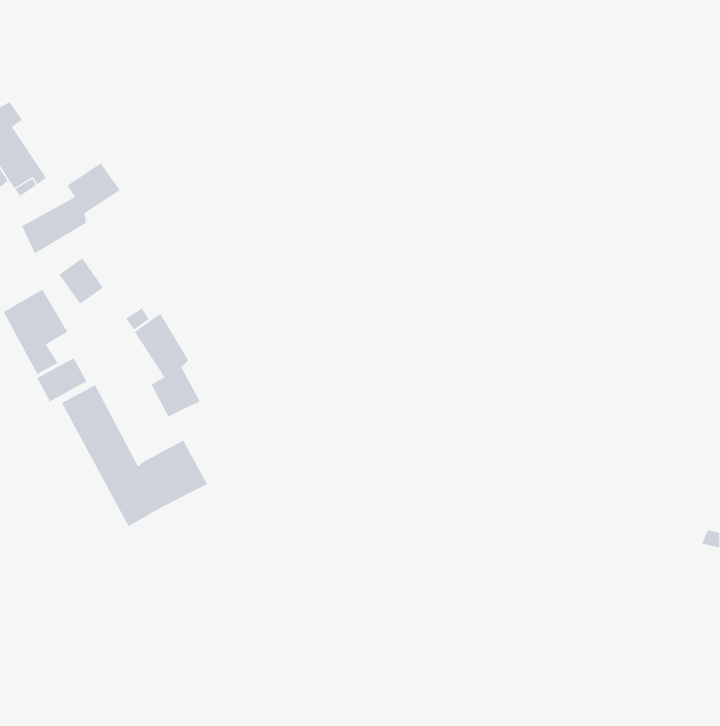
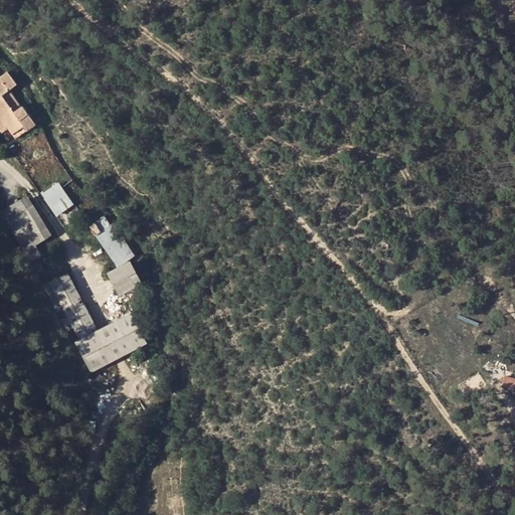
building: [22,162,121,254] -> none
building: [36,358,87,402] -> none

